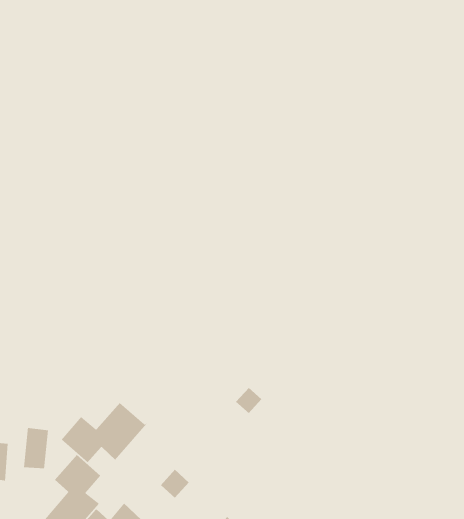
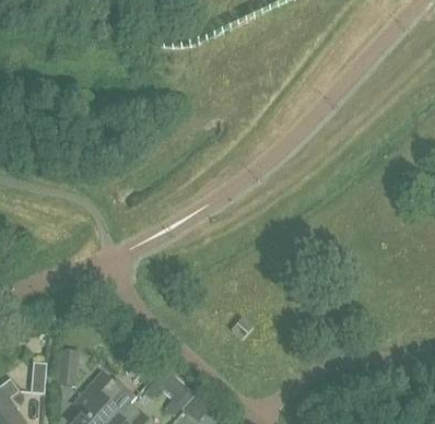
building: [61,402,150,463] -> none

